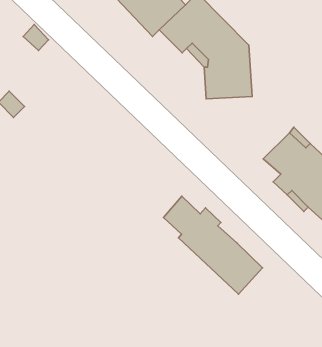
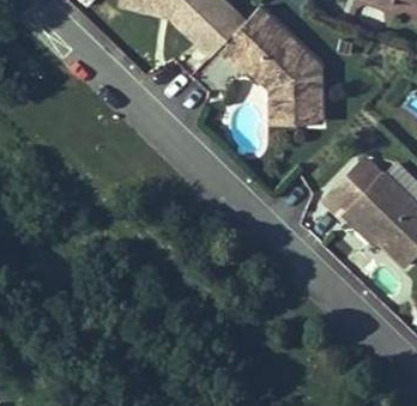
building: [164,196,262,294] -> none

